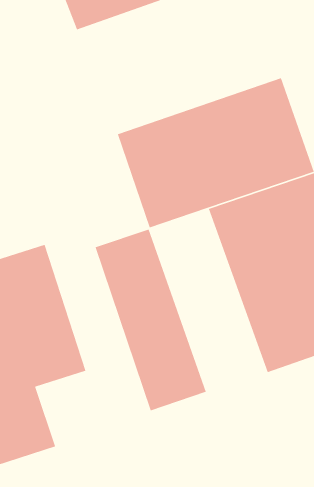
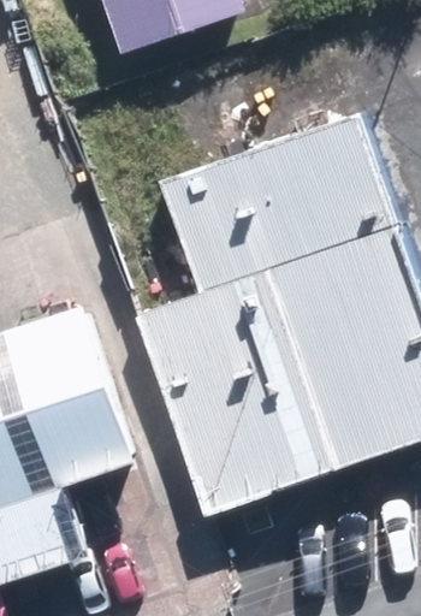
building: none -> [203,268,344,487]

